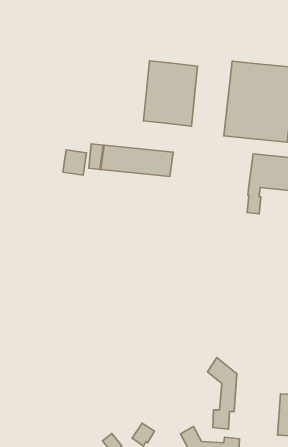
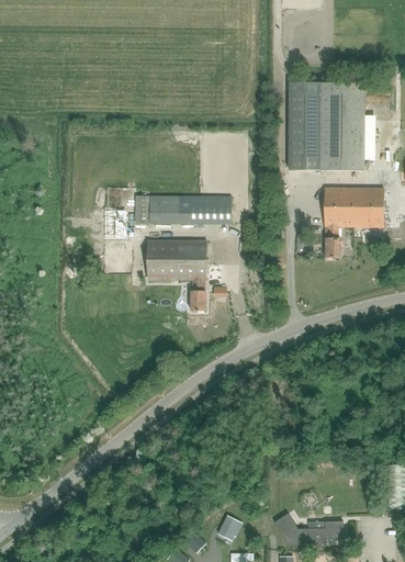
building: [144,61,197,126] -> none
building: none -> [148,240,206,311]
building: [207,358,237,429] -> none

